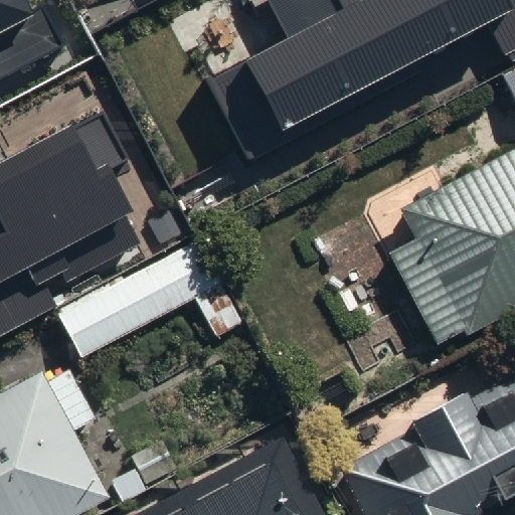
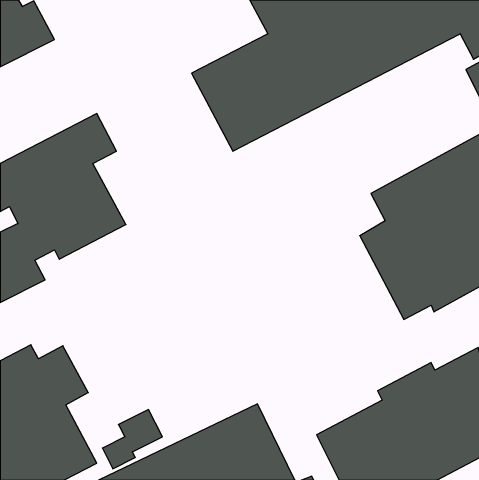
building: [54,239,239,359] -> none

